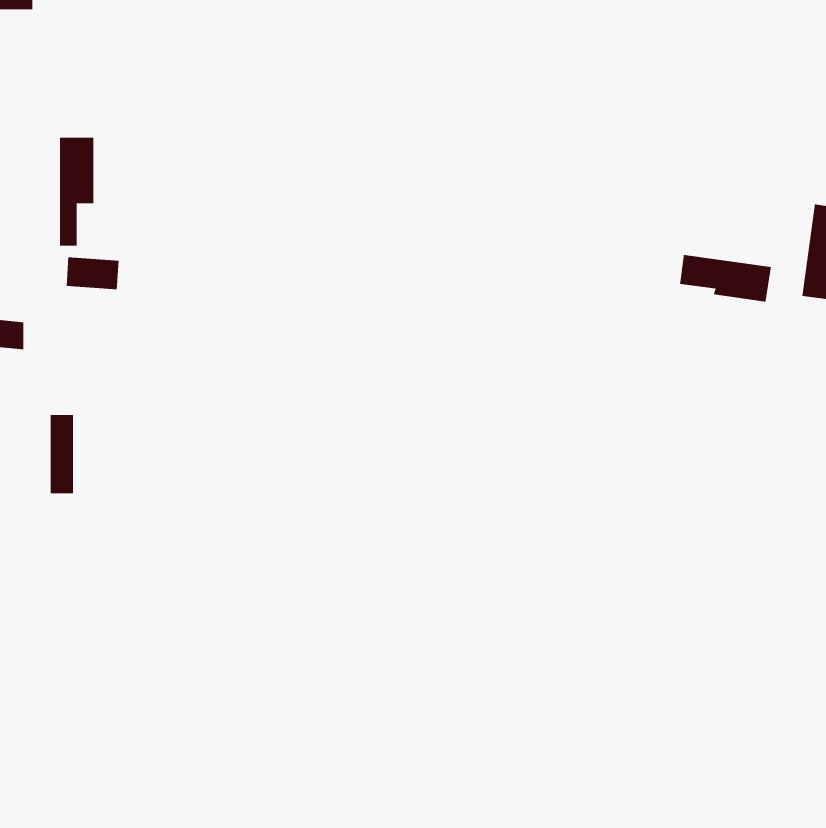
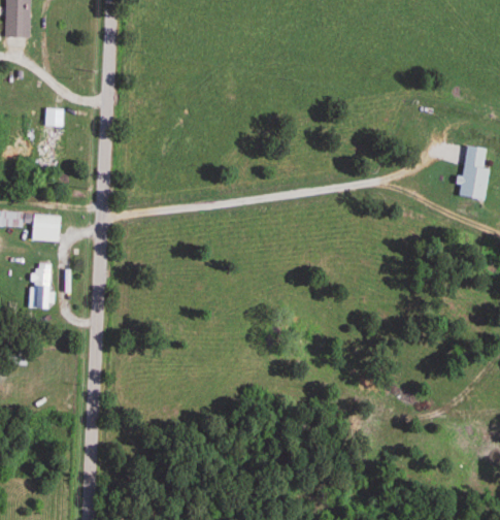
building: [680,254,772,303] -> none
building: [66,257,119,290] -> [32,214,62,232]

